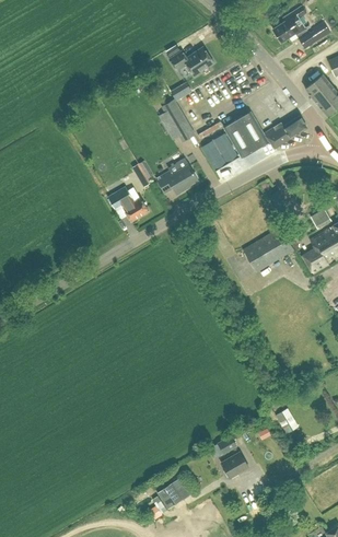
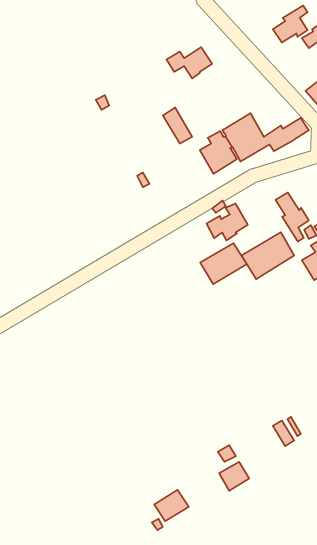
building: [156,159,197,195] -> [206,203,248,240]
building: [107,186,148,221] -> none
building: none -> [276,192,309,242]
building: none -> [200,243,247,284]

